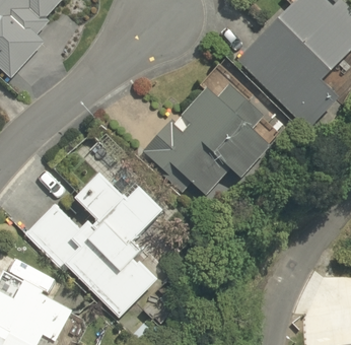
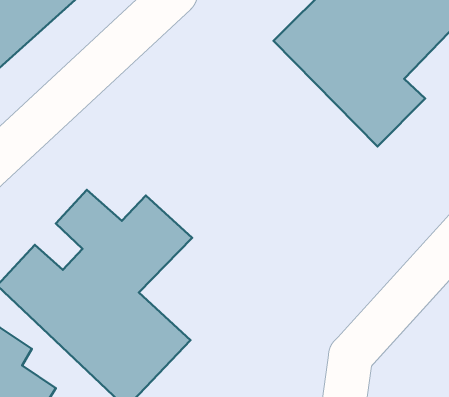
building: [163,87,280,196] -> none

